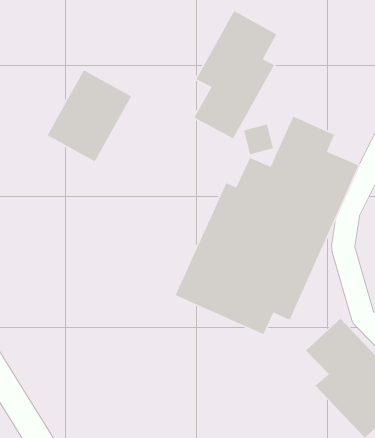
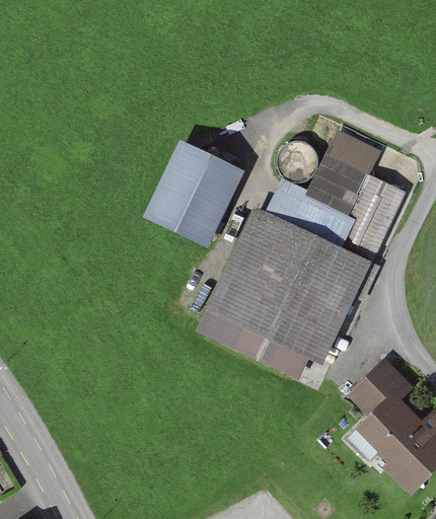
building: [193,10,278,139] -> none
building: [47,69,132,163] -> [144,139,240,244]

